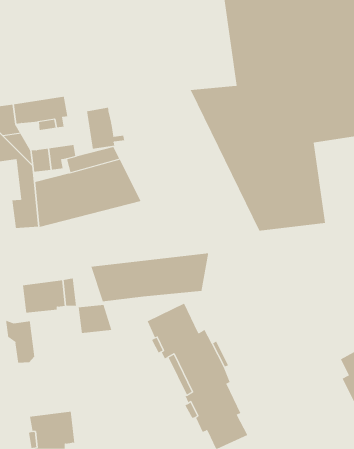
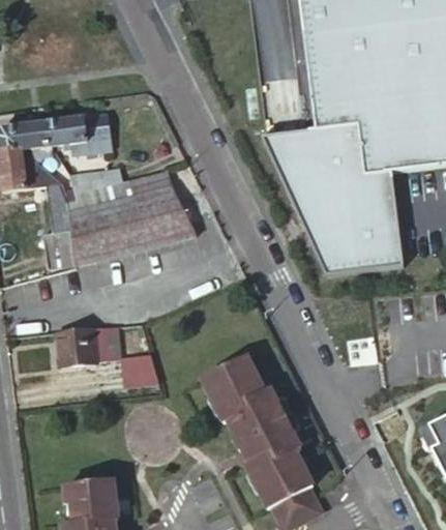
building: [86,107,125,149] -> none
building: [90,253,209,302] -> none
building: [6,320,35,364] -> none

